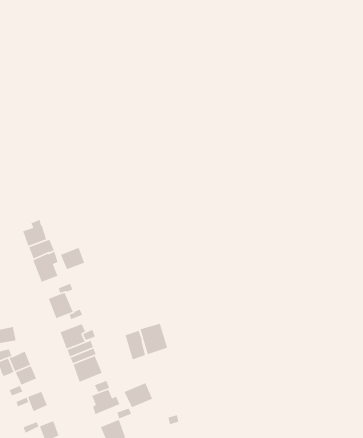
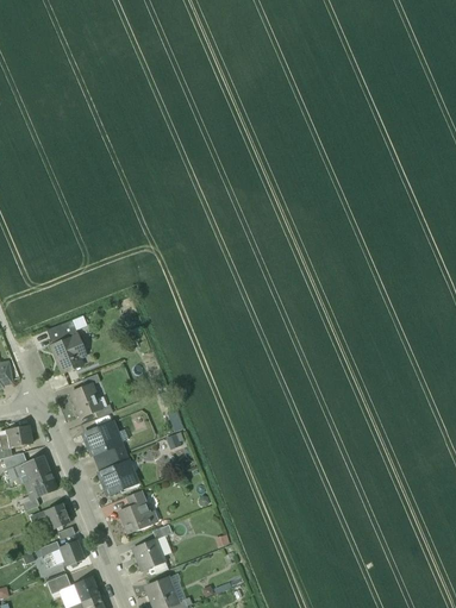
building: [22,219,47,247] -> none
building: [60,247,85,270] -> none
building: [140,321,168,355] -> none
building: [124,382,153,408] -> none

